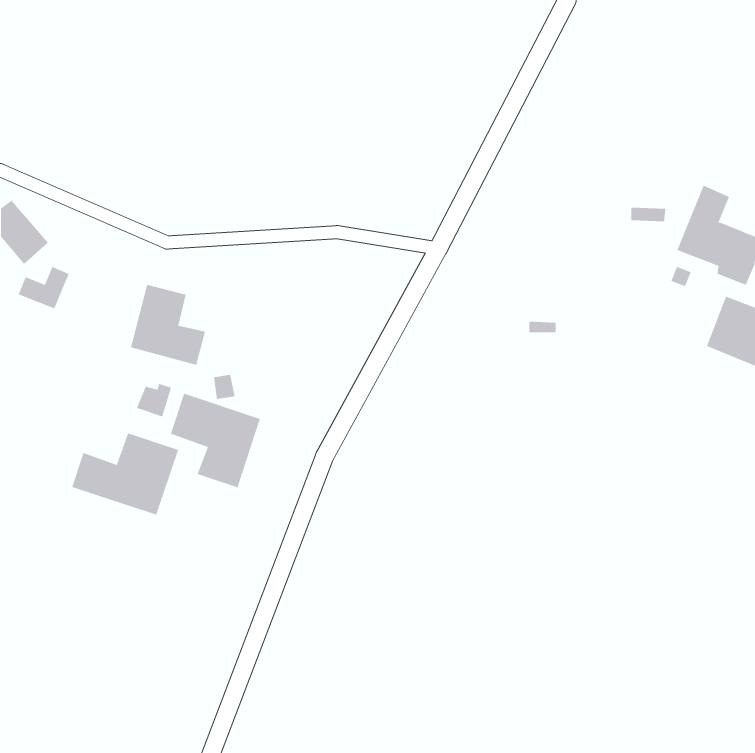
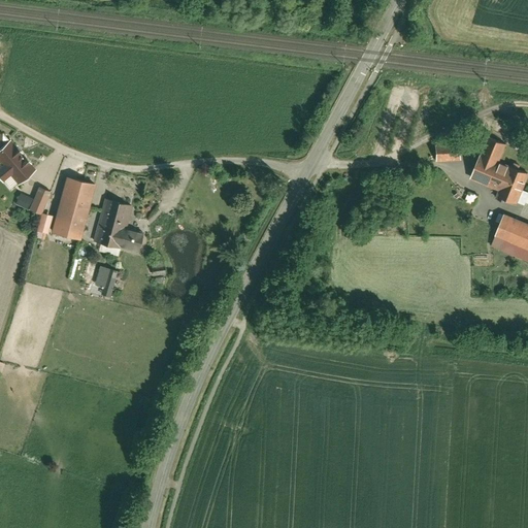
building: none -> [50,177,94,241]
building: [170,393,261,488] -> none
building: [71,432,179,515] -> none

